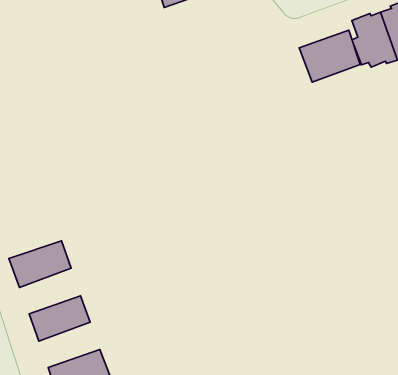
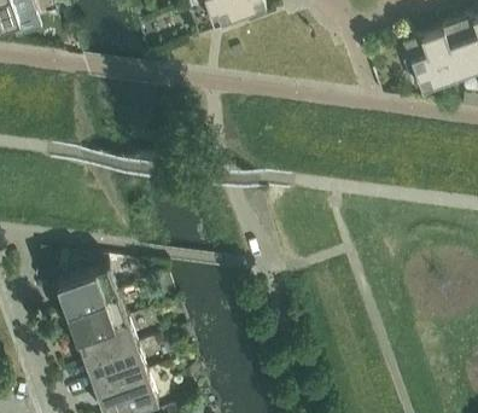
building: [299,30,360,82] -> none
building: none -> [66,291,128,337]
building: none -> [86,345,147,391]

